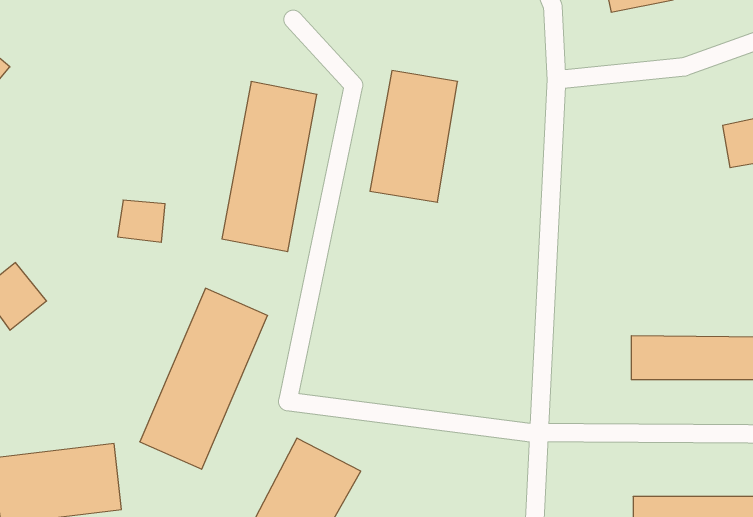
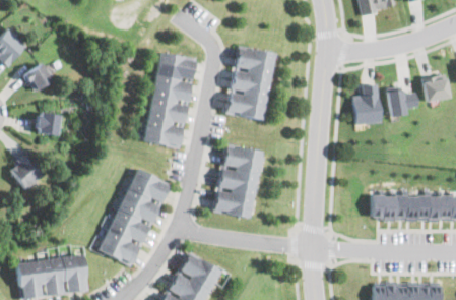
building: none -> [25,64,54,91]
building: none -> [353,83,381,123]
building: none -> [386,85,418,115]
building: [118,200,165,242] -> [36,113,62,136]
building: none -> [214,144,263,219]

